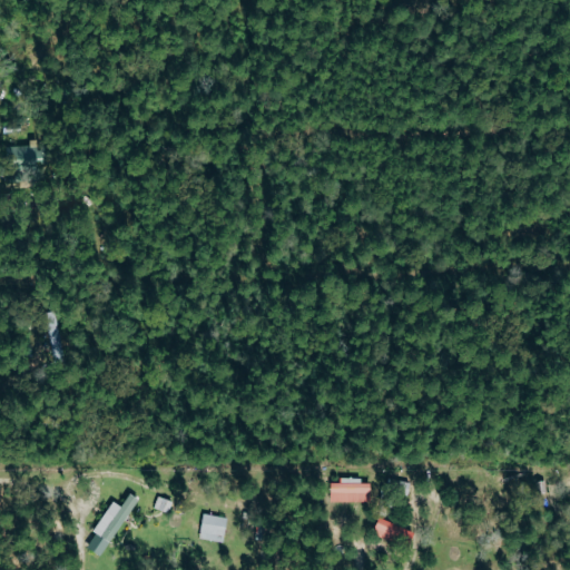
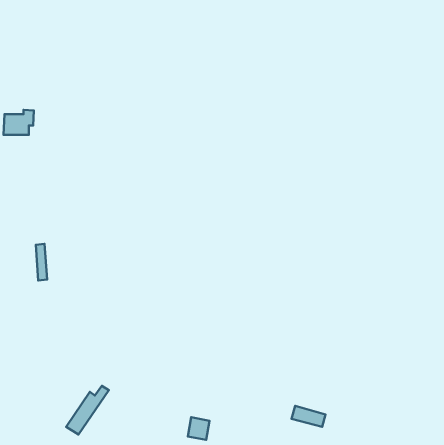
building: [331,478,371,502] -> none
building: [199,513,227,542] -> [188,417,209,440]

